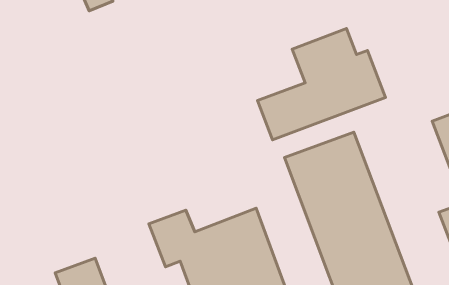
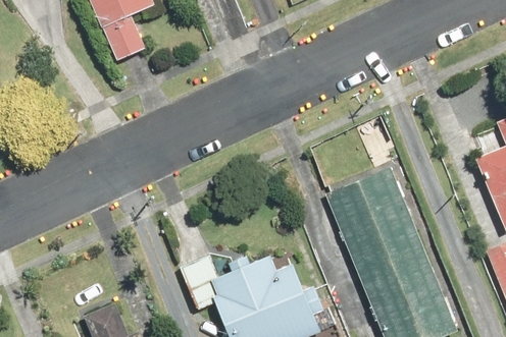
building: [258,29,386,140] -> none

